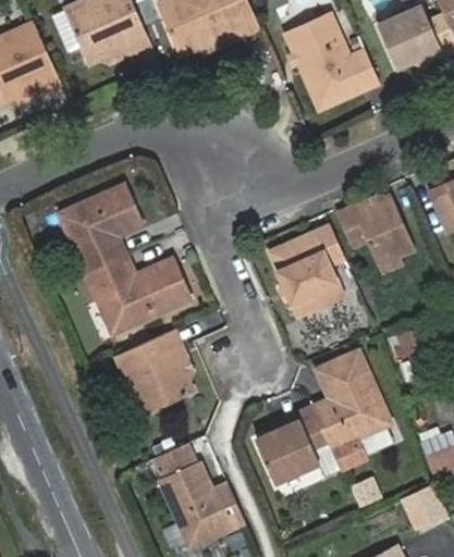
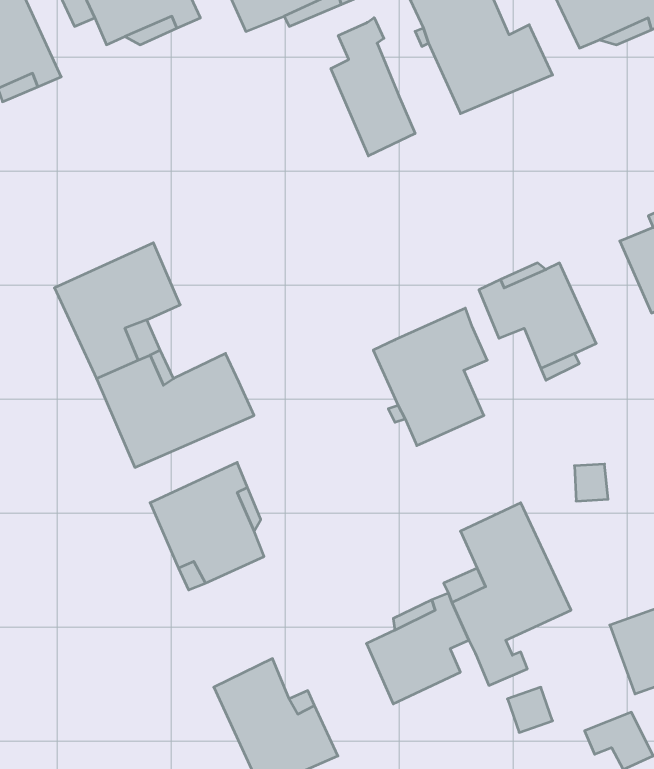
building: none -> [331,18,415,156]

